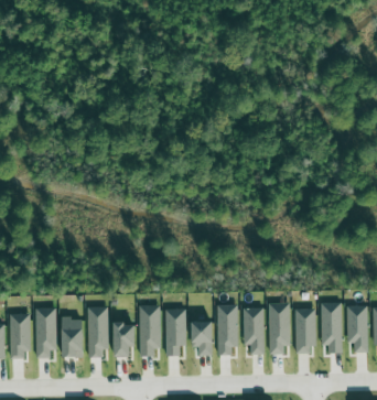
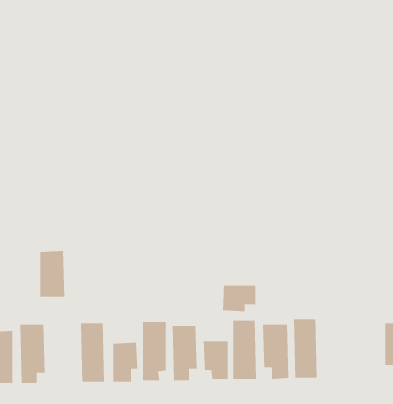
building: none -> [223,285,256,312]
building: [321,302,343,354] -> none
building: [295,307,316,354] -> none
building: [63,317,85,357] -> [39,251,65,297]

